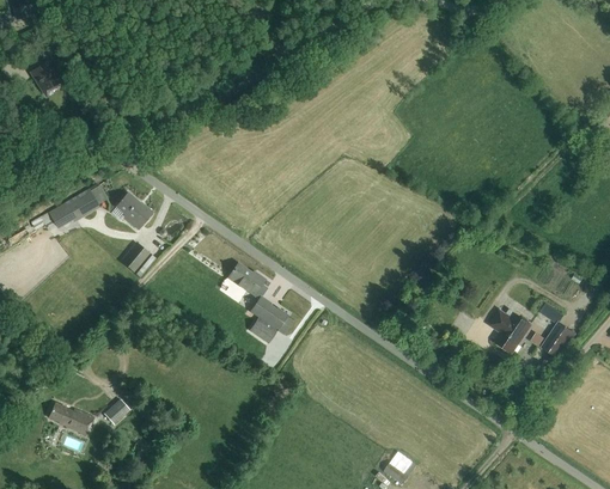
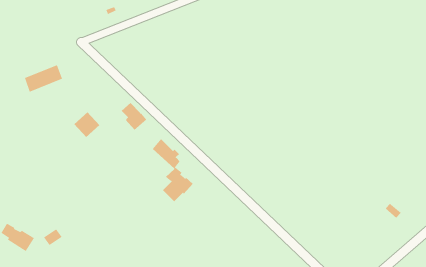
building: [116,194,152,230] -> [121,102,147,130]
building: [490,311,531,353] -> none
building: [542,323,574,357] -> none

